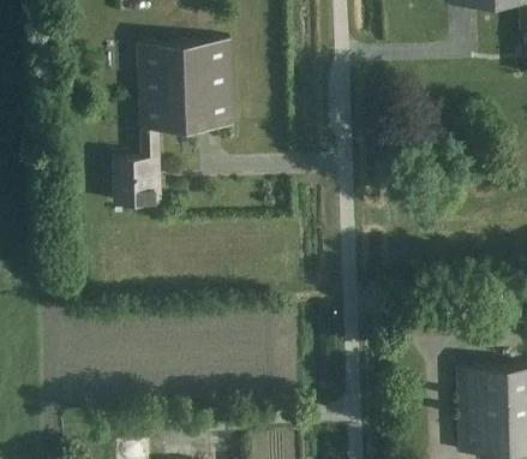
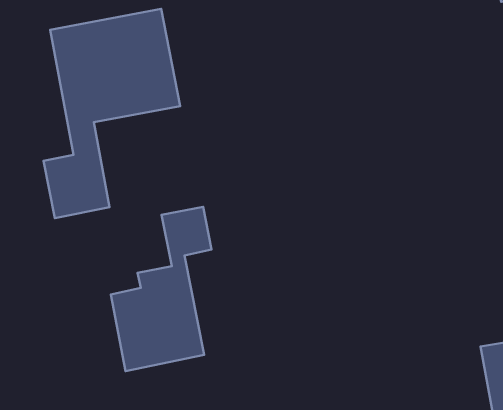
building: none -> [111,207,211,371]

